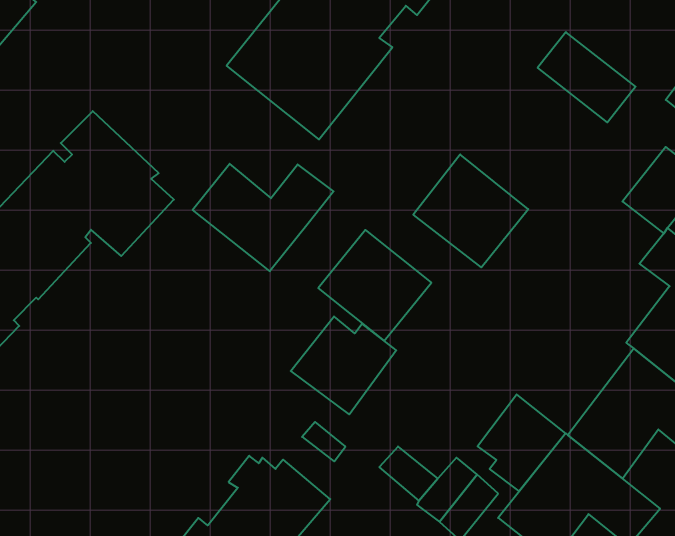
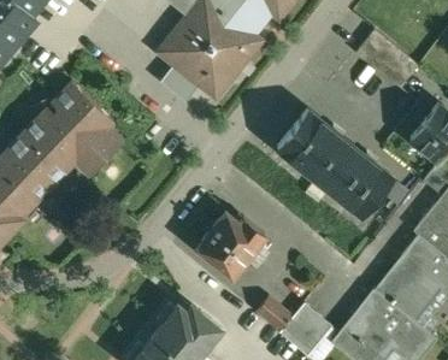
building: [193,164,334,271] -> none
building: [318,230,431,341] -> [319,146,391,217]
building: [478,394,566,491] -> none

